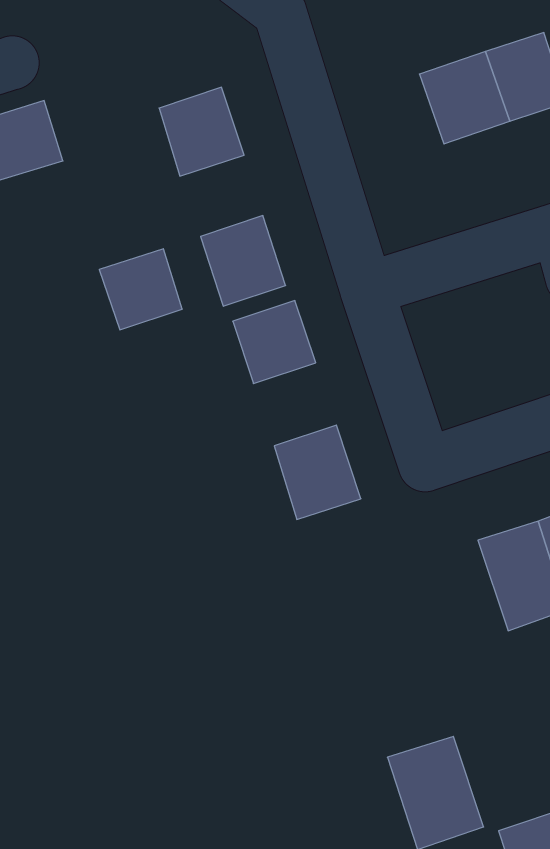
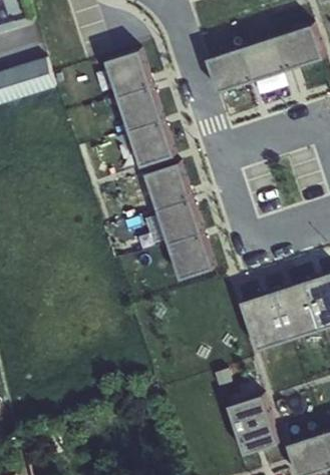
building: none -> [204,43,257,93]
building: [99,249,182,330] -> [116,86,160,129]
building: none -> [155,196,200,241]
building: none -> [239,291,291,350]

